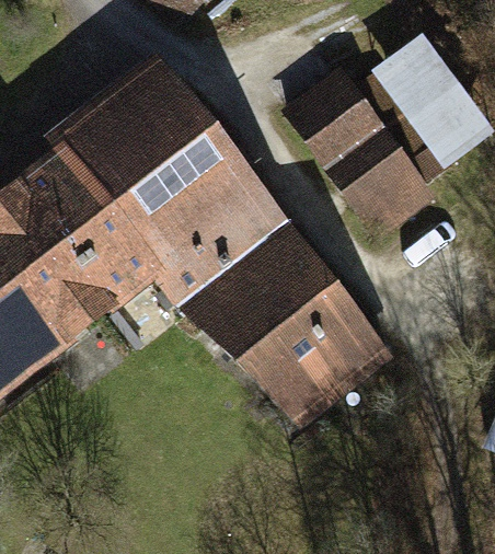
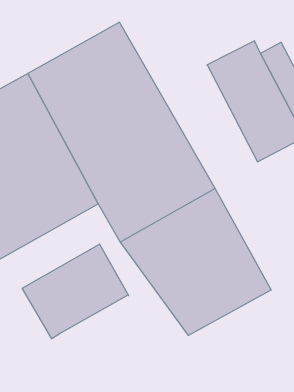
building: none -> [22,244,129,339]

